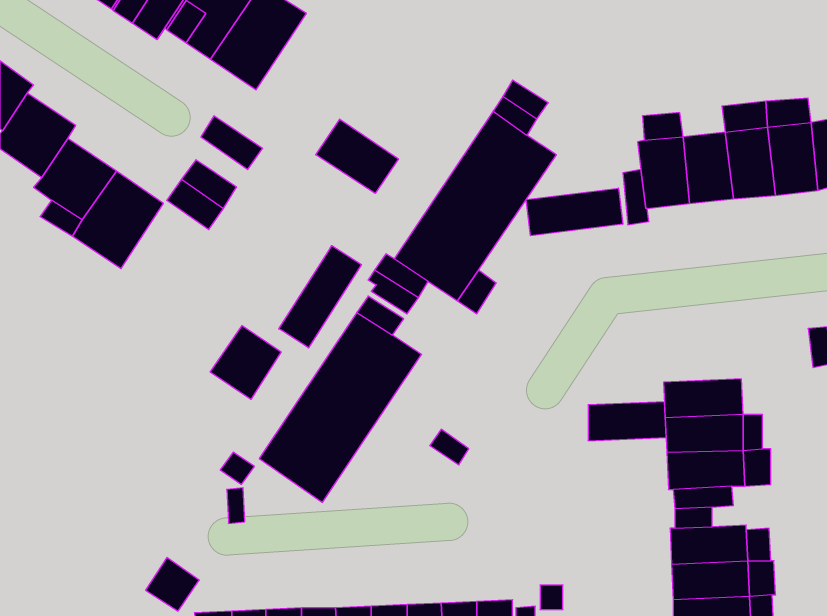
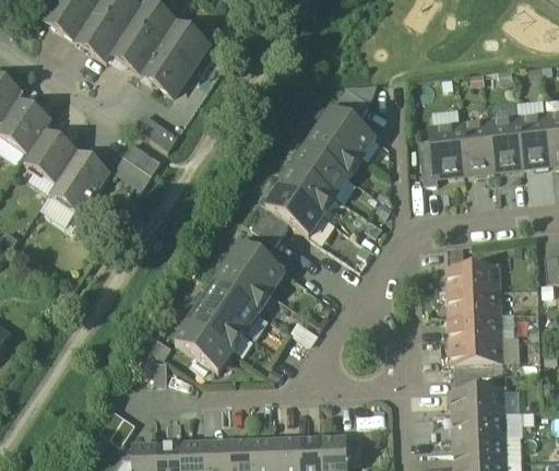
building: [316,119,398,193] -> none
building: [526,188,623,236] -> none
building: [279,246,361,348] -> none
building: [210,326,281,399] -> none
building: [588,402,666,441] -> [447,266,499,292]

